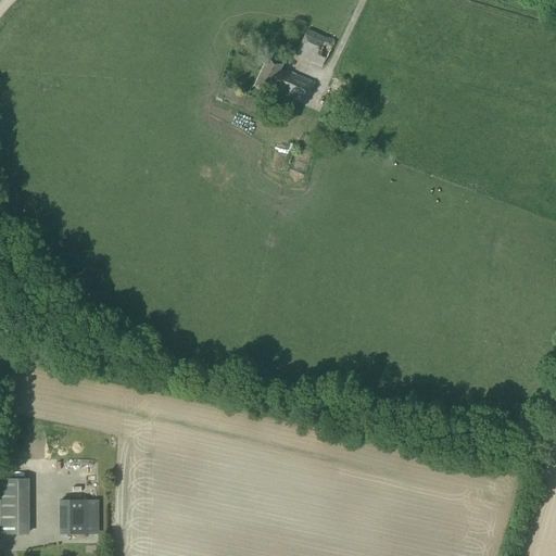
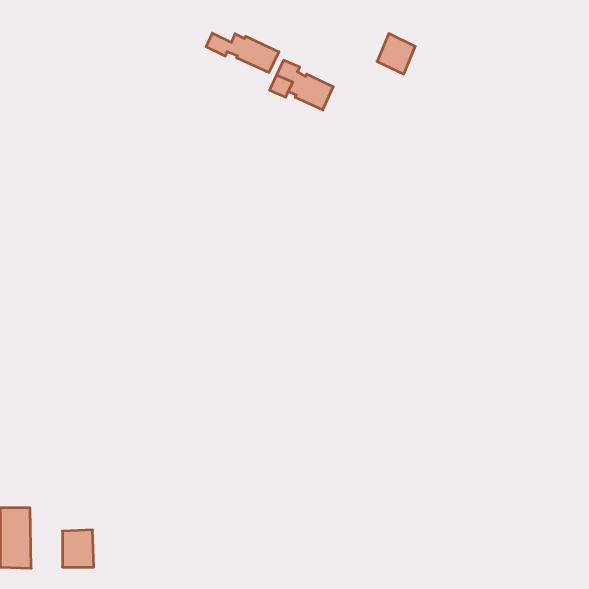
building: [298,27,333,65] -> [377,34,415,74]
building: none -> [206,33,279,72]

